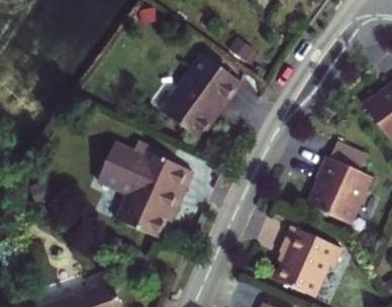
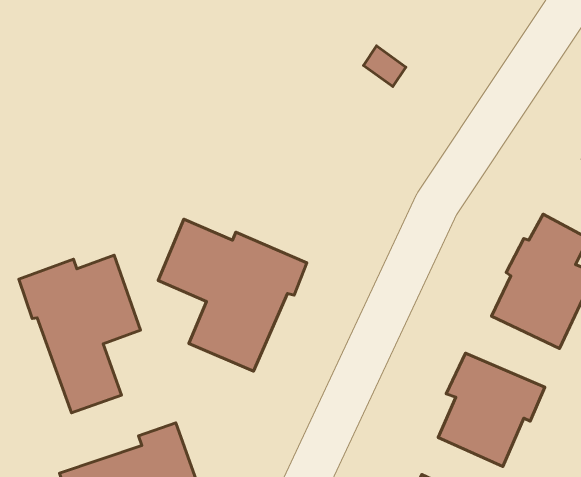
building: [162,54,240,137] -> none
building: none -> [19,255,141,413]

